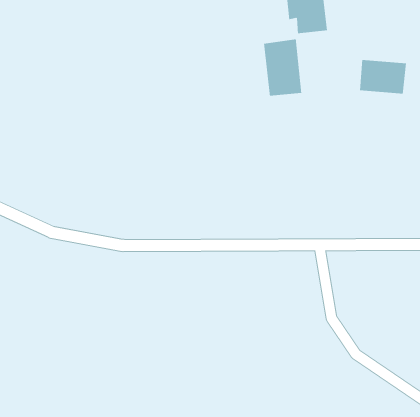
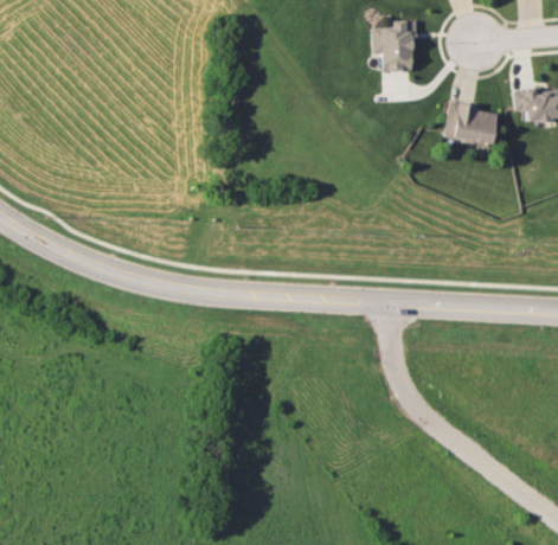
building: [264,39,302,97] -> none

